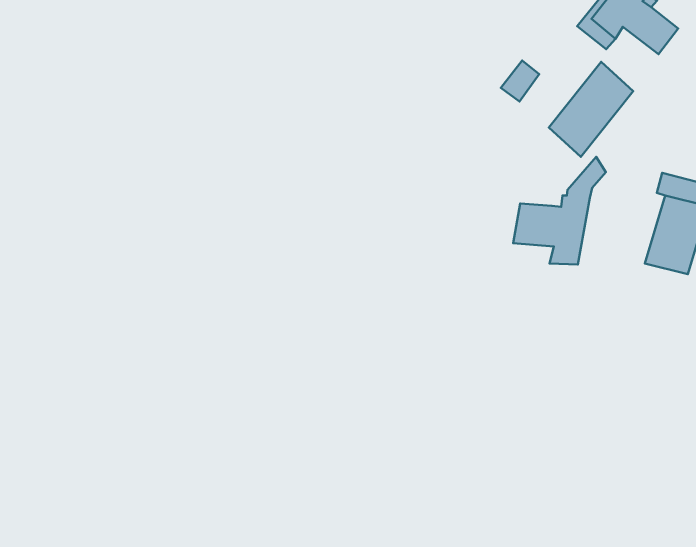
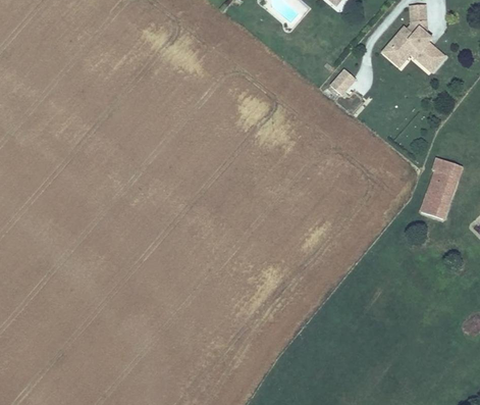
building: [549,62,633,157] -> none
building: [513,157,606,265] -> none

